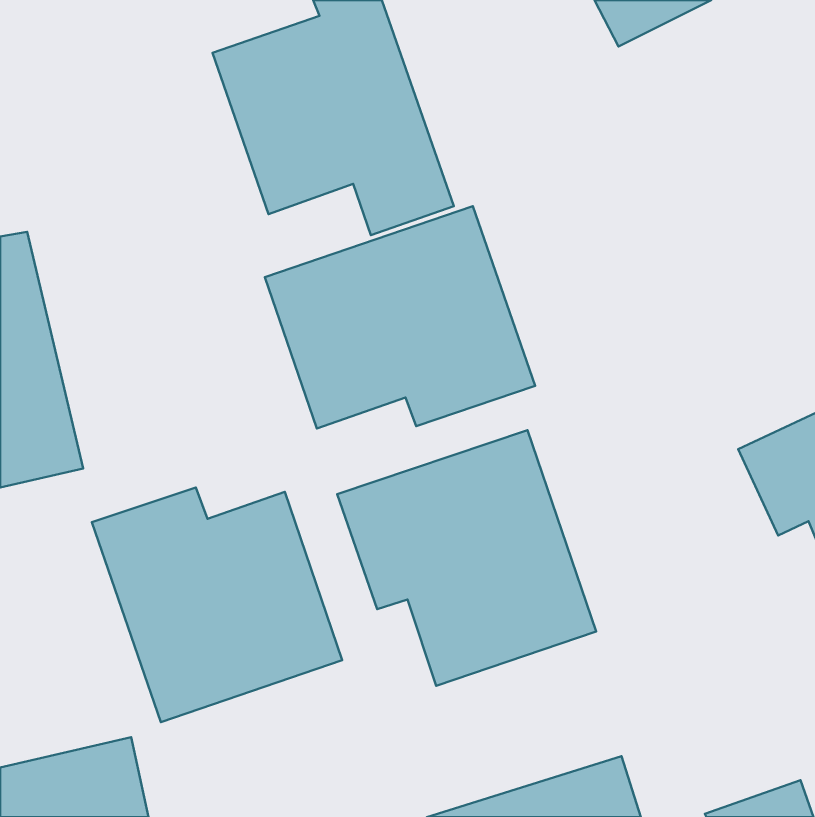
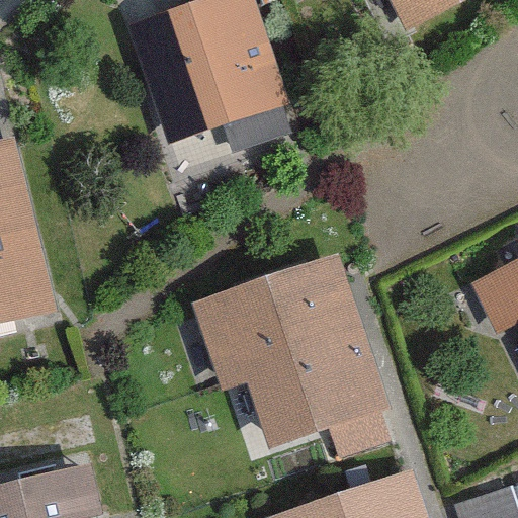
building: [265,206,535,429] -> none
building: [92,487,342,722] -> none

